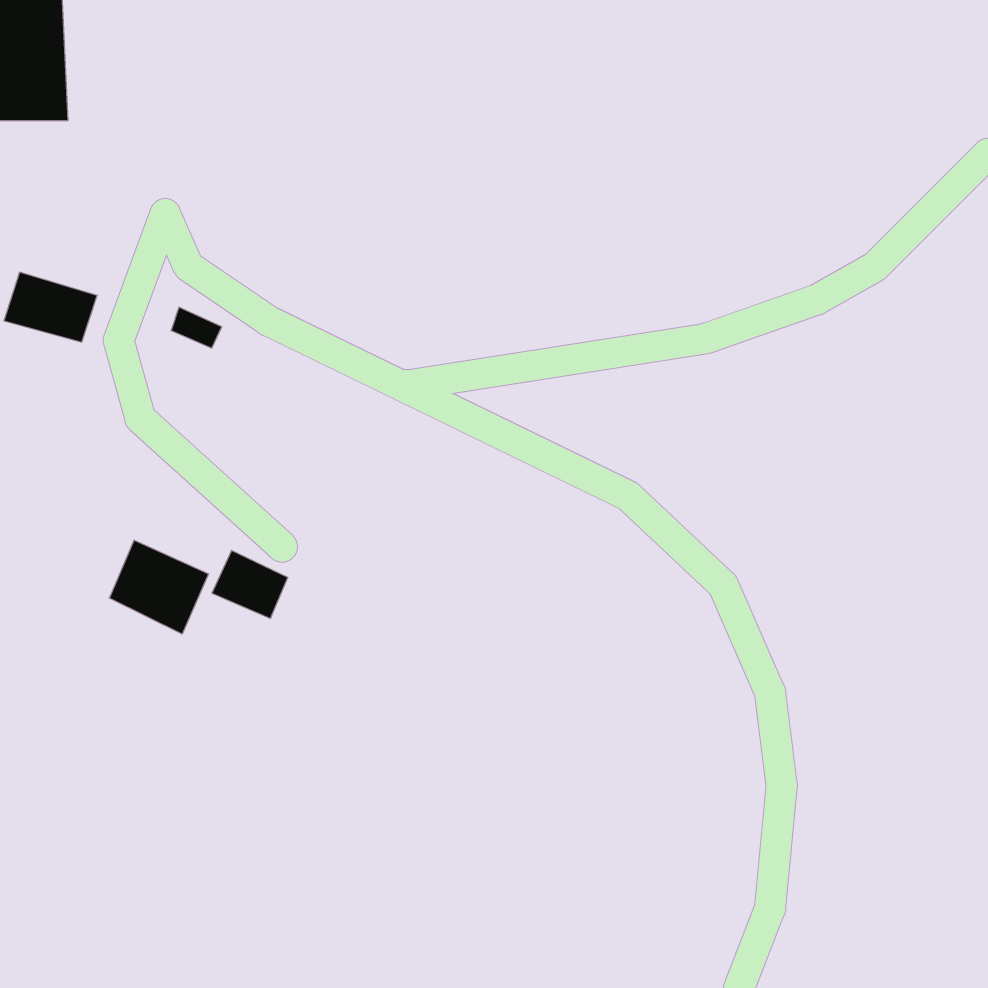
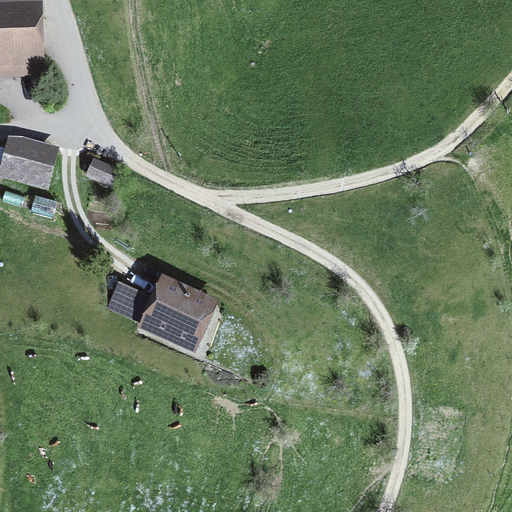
building: [109,540,208,634] -> none
building: none -> [146,283,206,341]

